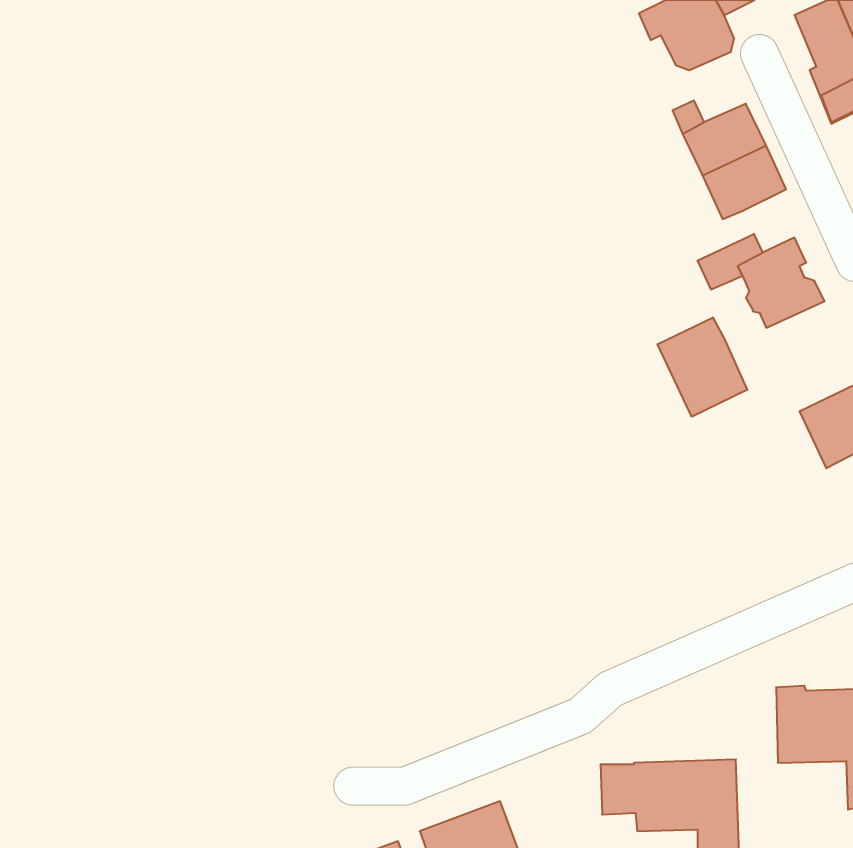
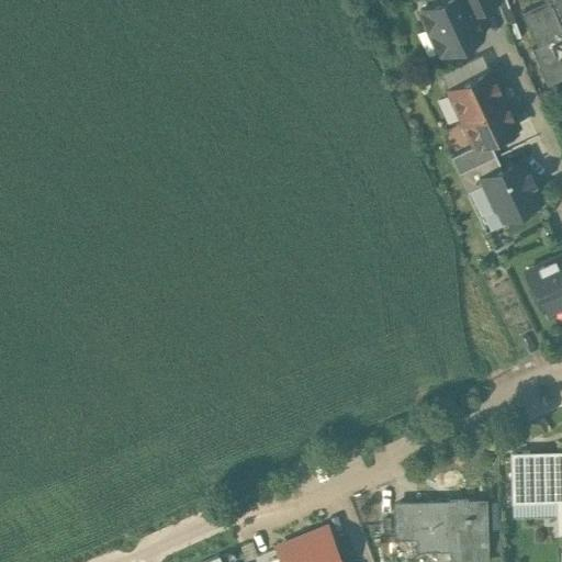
building: none -> [452,143,496,176]
building: [658,317,747,417] -> none

